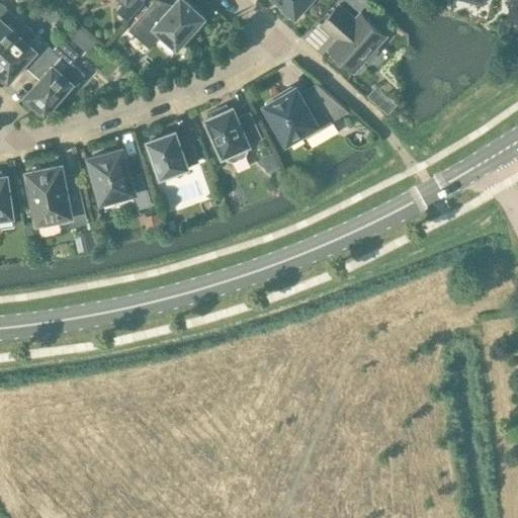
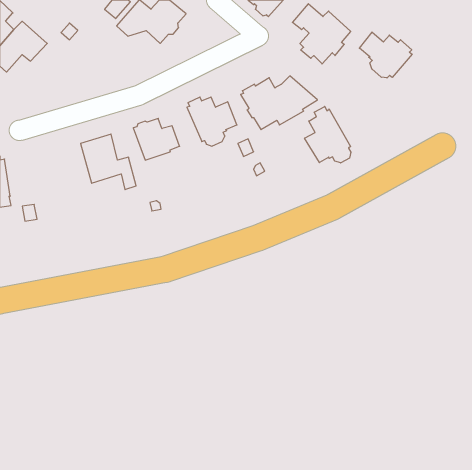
building: none -> [359,32,412,78]
building: [24,40,84,115] -> none
building: none -> [305,106,351,163]
building: [25,166,83,227] -> none

